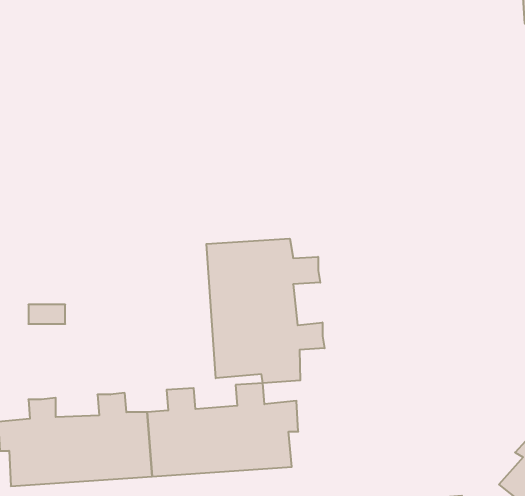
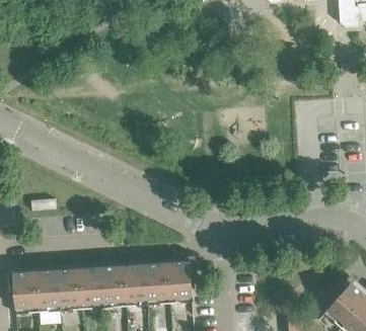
building: [206,239,325,383] -> none

